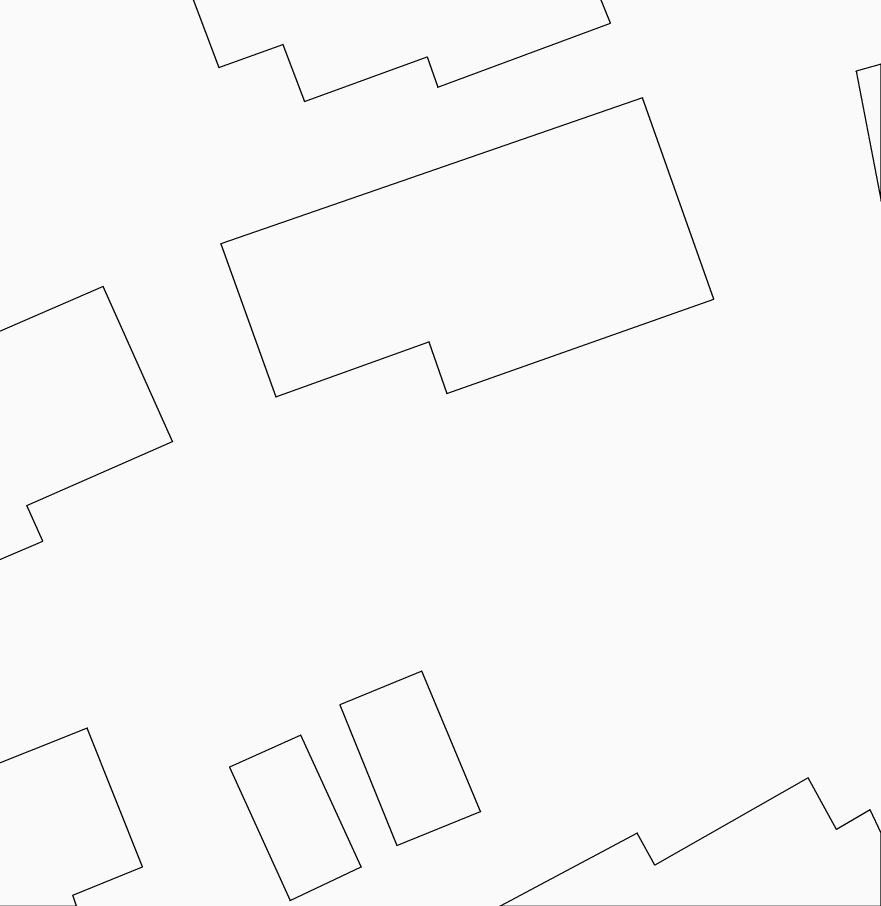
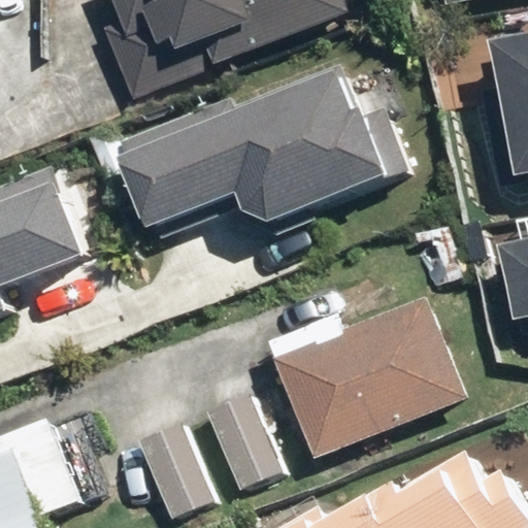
building: none -> [271,298,473,461]

